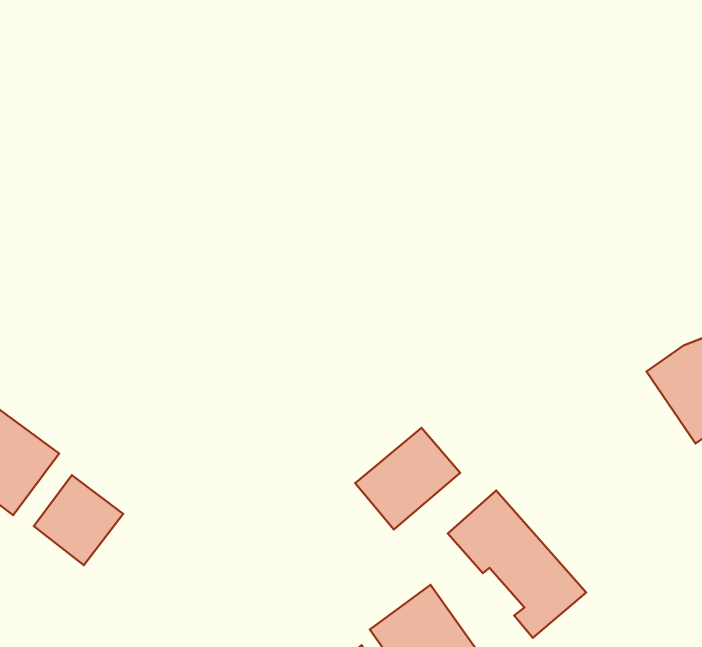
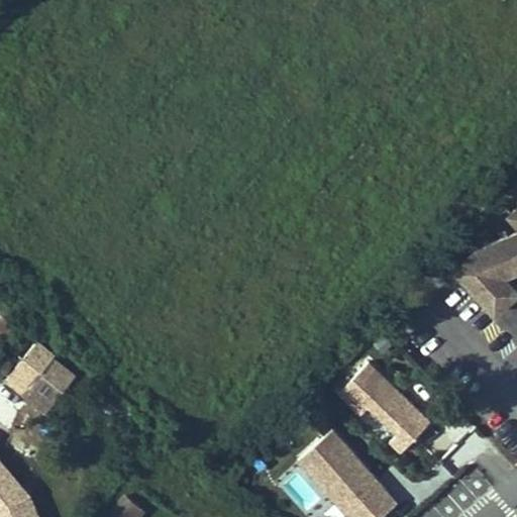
building: [355,428,460,529] -> none
building: [34,475,123,565] -> none

